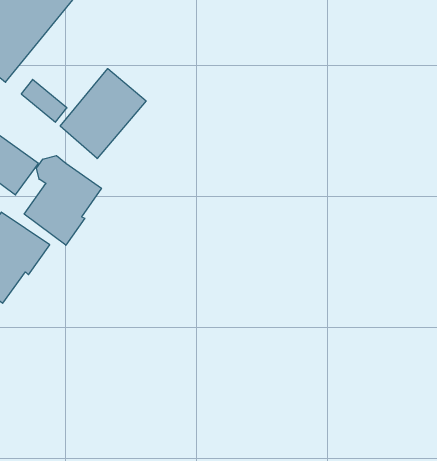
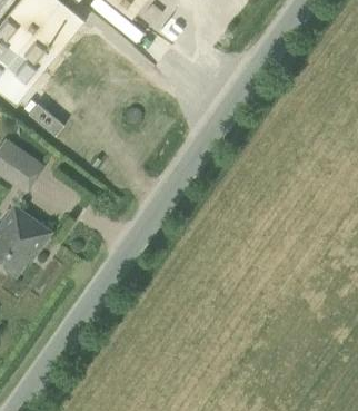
building: [60,69,146,159] -> none
building: [24,156,101,245] -> none

